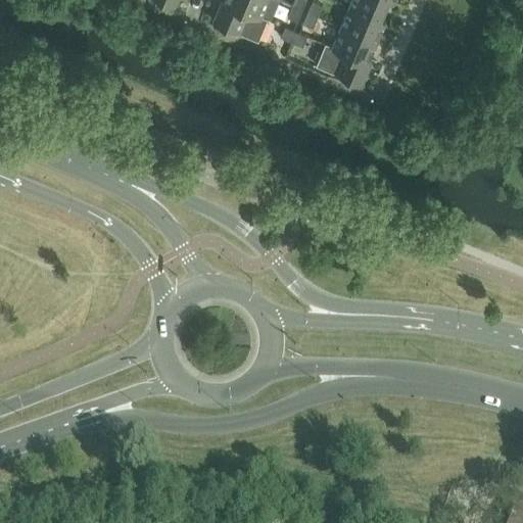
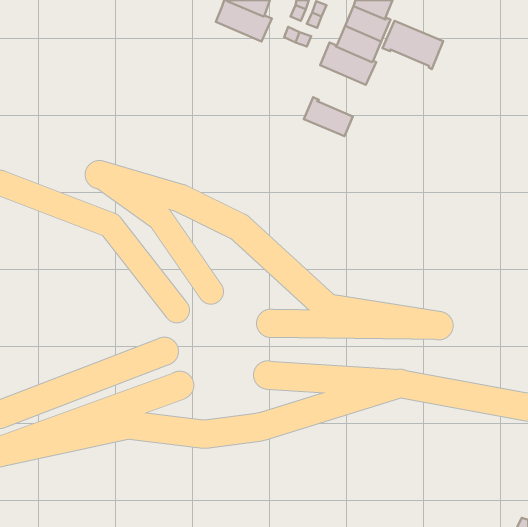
building: none -> [383,21,443,69]
building: none -> [304,97,353,136]

